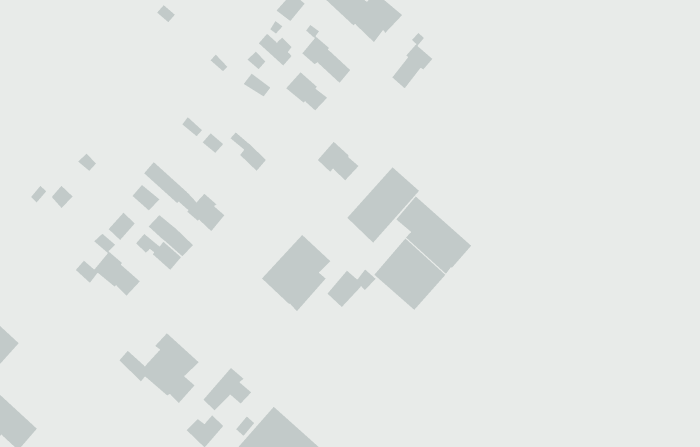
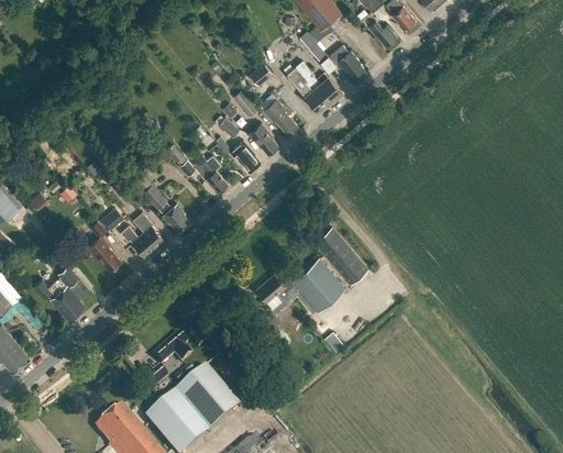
building: [391,32,434,89] -> none
building: [317,141,360,181] -> [230,141,261,172]
building: [346,167,420,244] -> none
building: [261,234,331,312] -> none
building: [119,332,200,404] -> [30,264,89,318]

